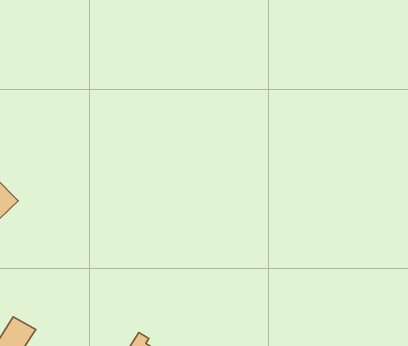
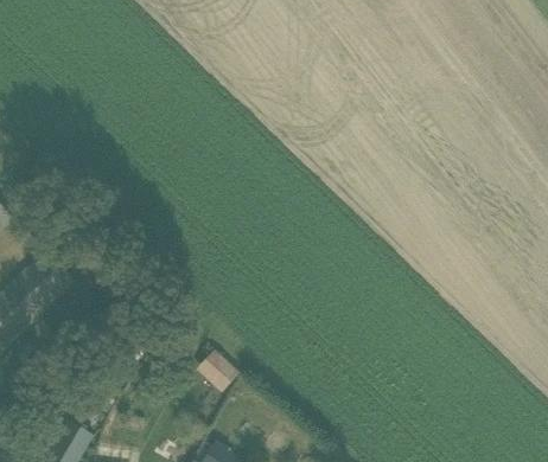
building: none -> [192,349,236,392]

